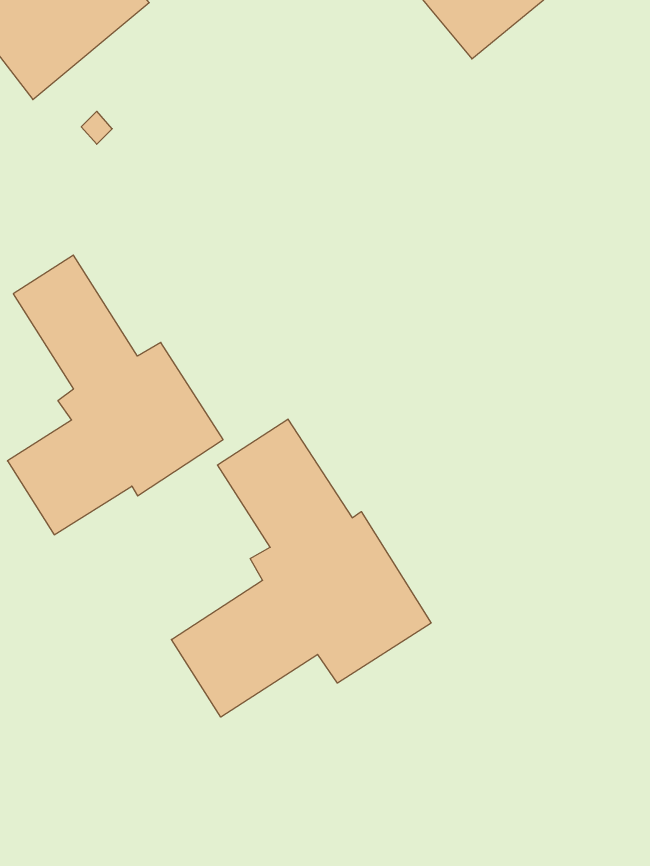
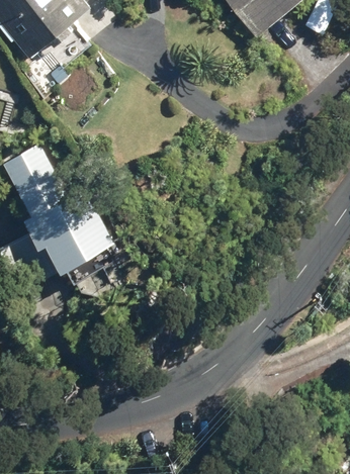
building: [171,419,431,717] -> none

